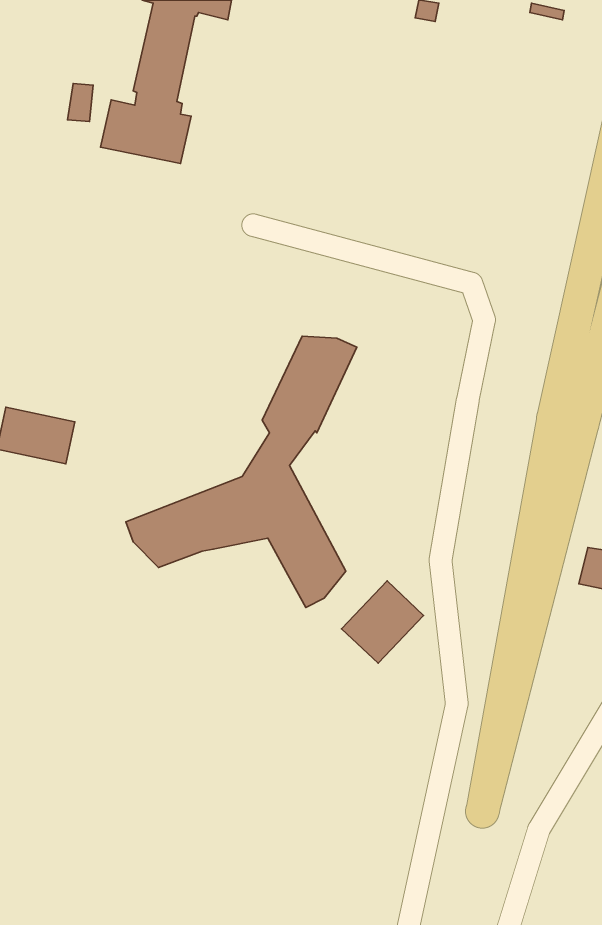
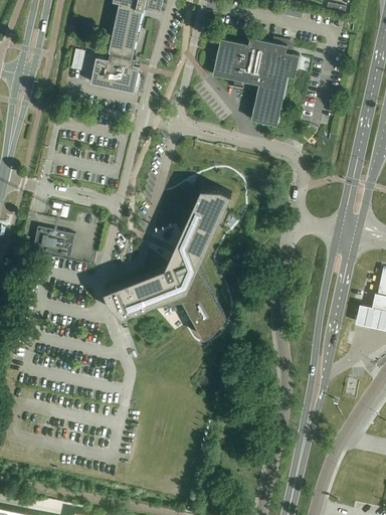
building: none -> [212,37,300,126]
building: [342,581,424,663] -> none

